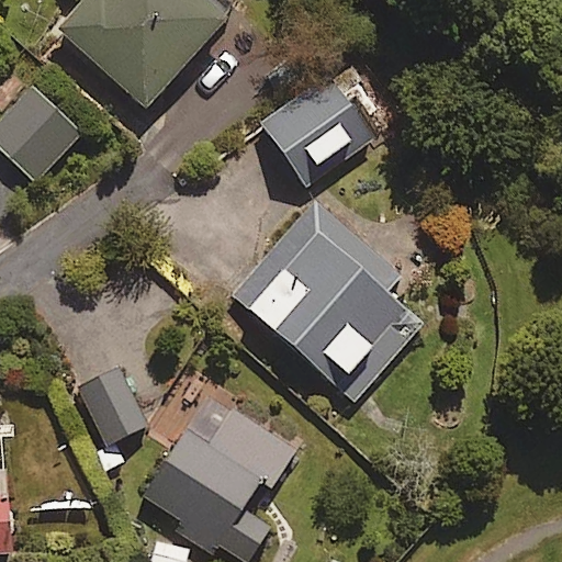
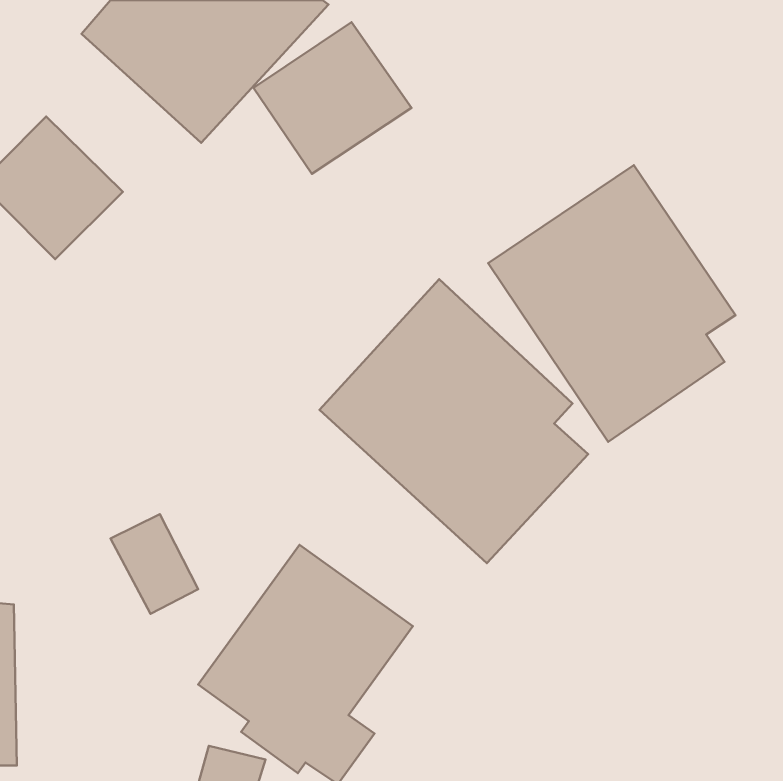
building: [260,72,373,181] -> [253,22,411,174]
building: none -> [488,165,736,442]

